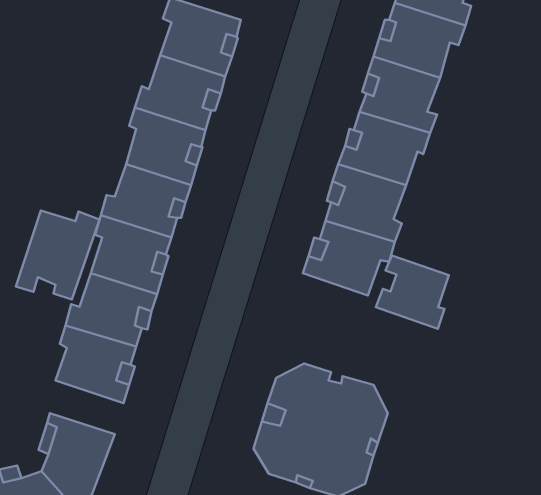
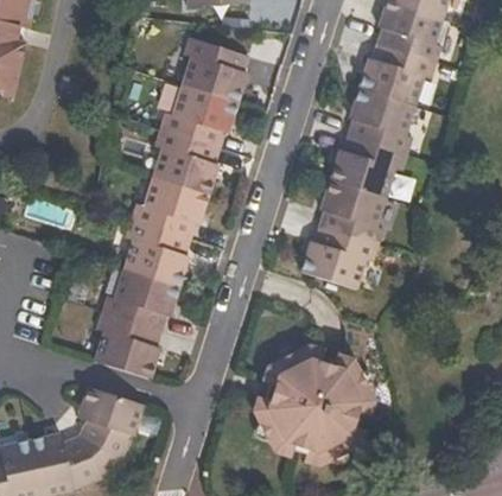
building: [16,210,99,300] -> none
building: [376,255,449,329] -> none

